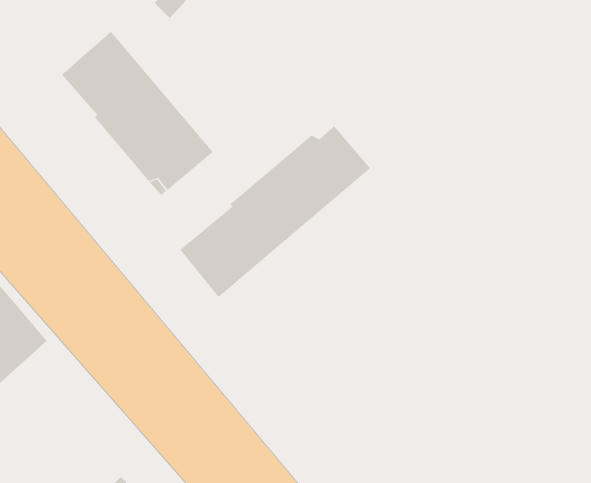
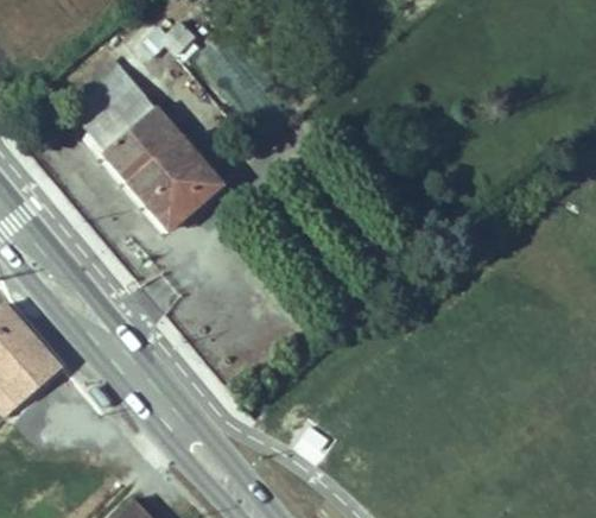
building: [179,126,371,298] -> none

